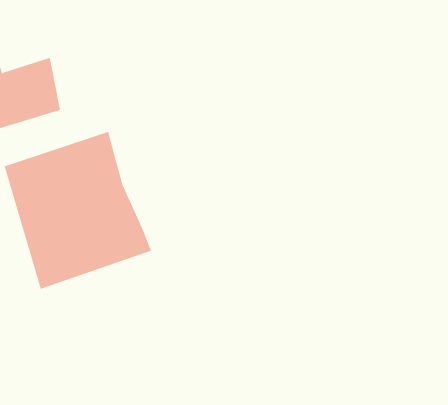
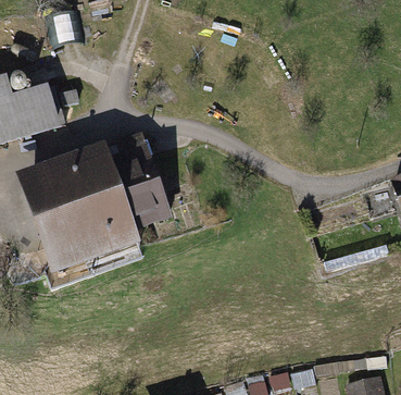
building: none -> [103,134,168,227]

